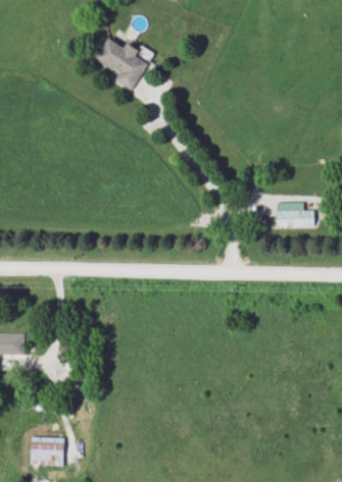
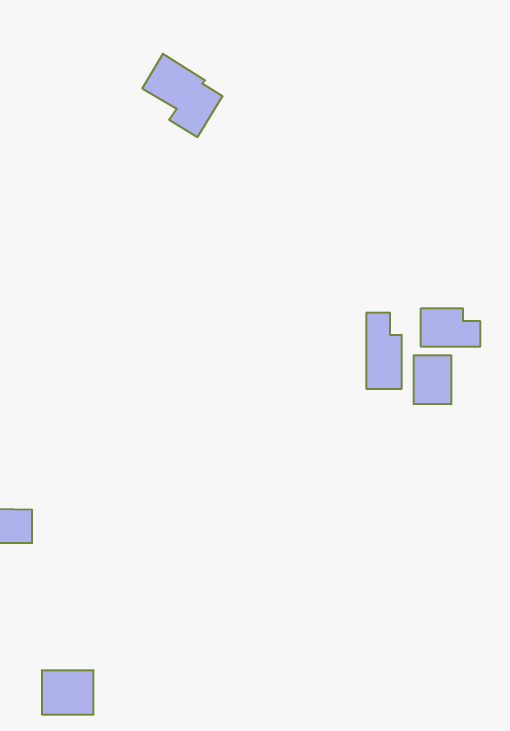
building: none -> [366,313,402,389]
building: none -> [414,355,451,404]

